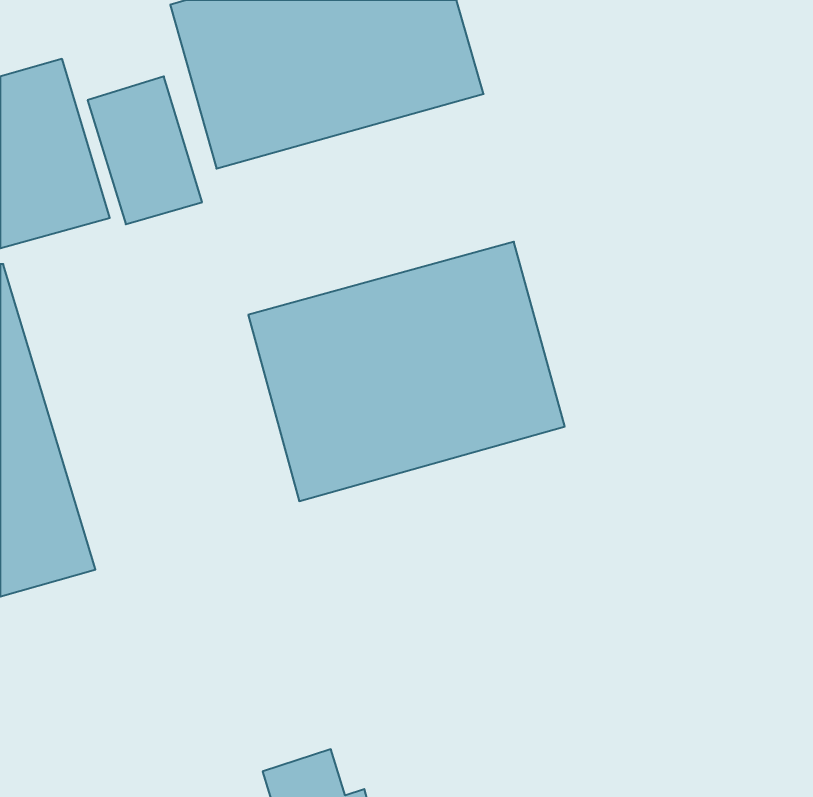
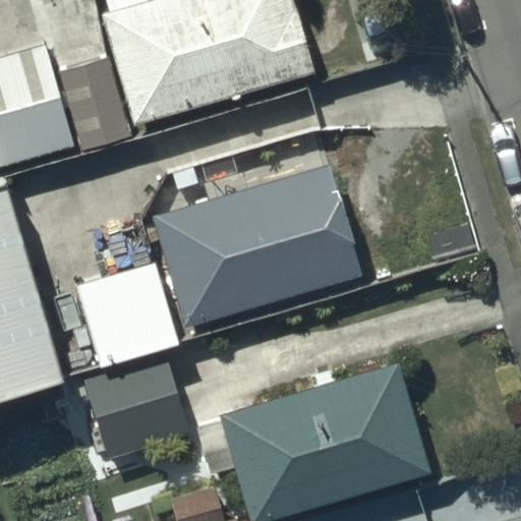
building: none -> [73,266,177,366]
building: none -> [79,359,185,457]
building: none -> [230,367,428,515]

